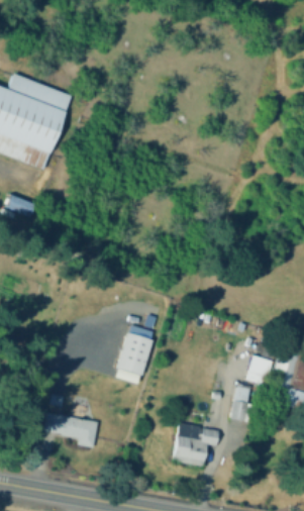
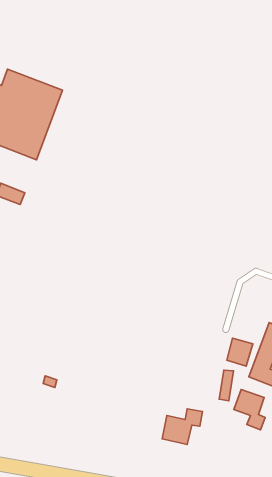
building: [118,333,154,376] -> none
building: none -> [234,390,265,430]
building: [44,412,98,446] -> none

